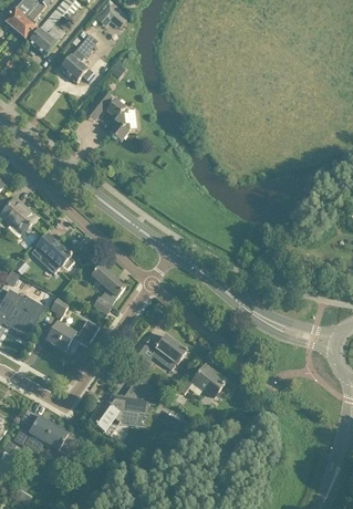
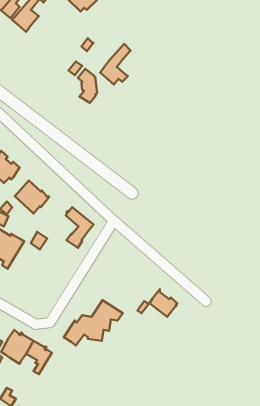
building: [59,34,95,83] -> [100,44,131,85]
building: [45,320,97,351] -> none
building: [132,335,185,370] -> none

